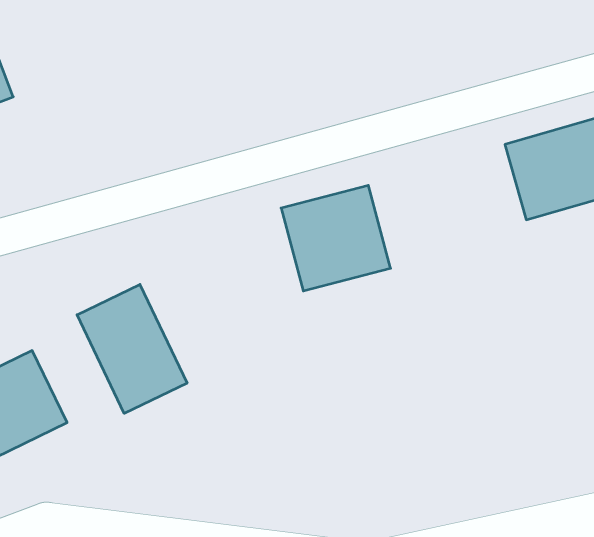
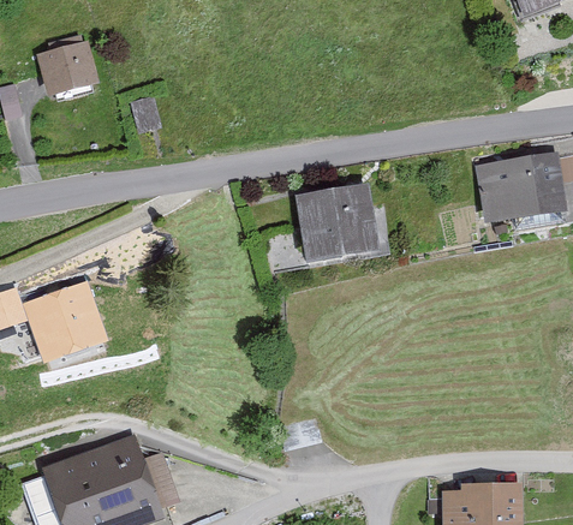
building: [77,284,187,413] -> none

